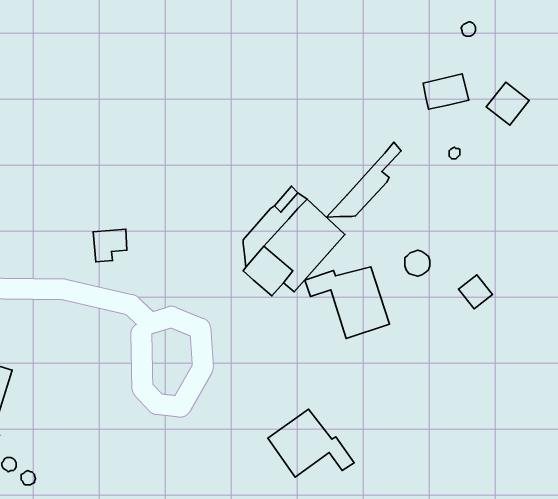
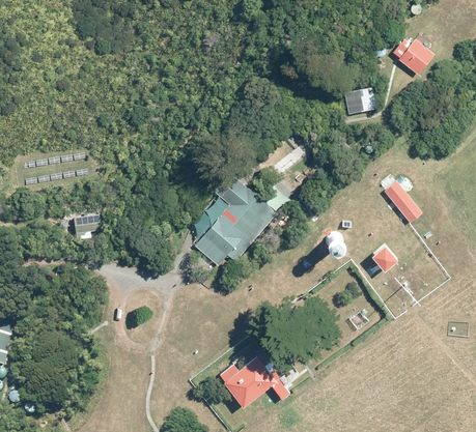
building: [486,82,529,125] -> [397,40,431,75]
building: [326,142,401,217] -> none
building: none -> [383,181,420,224]
building: [305,267,390,339] -> none

